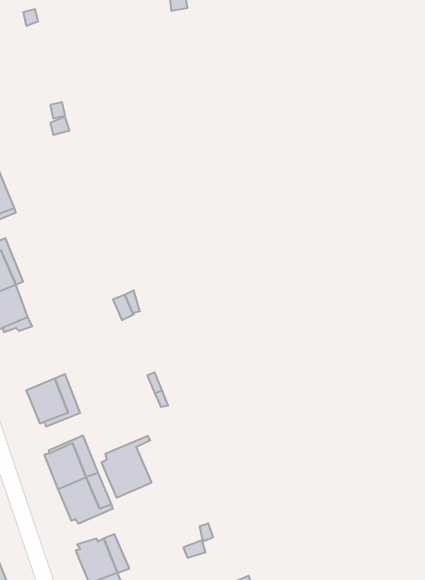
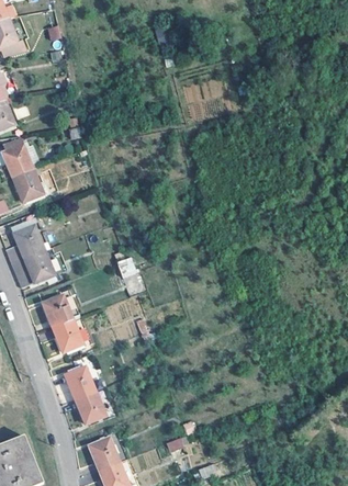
building: none -> [42,295,72,328]
building: [102,436,151,498] -> none

